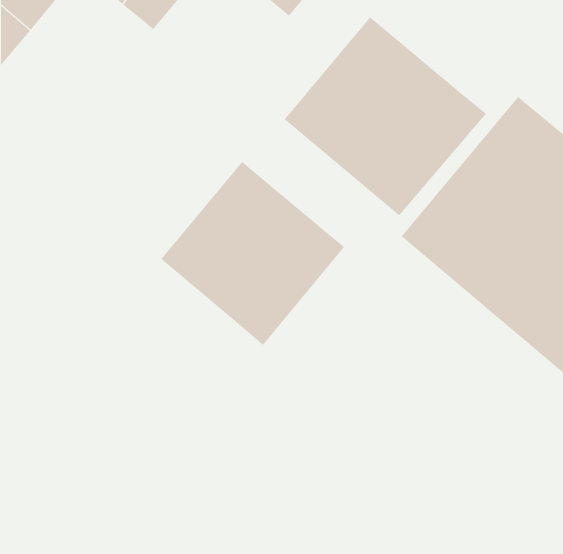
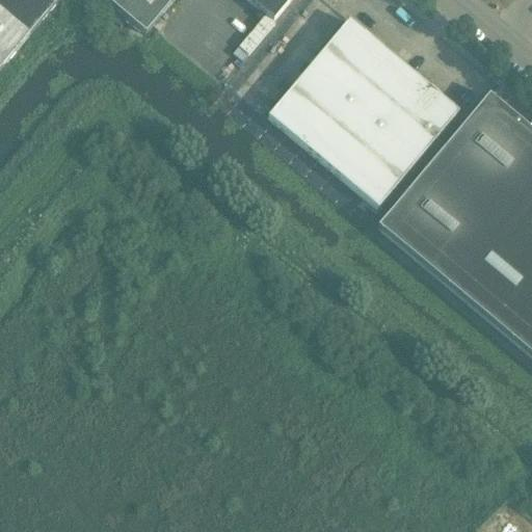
building: [160,161,345,346] -> none

